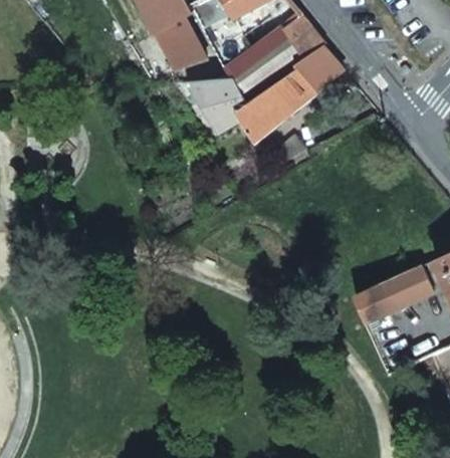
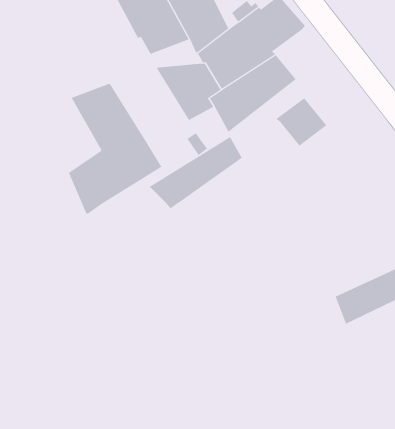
building: [294,47,343,93] -> [276,97,327,146]
building: none -> [68,83,162,215]
building: none -> [149,136,243,209]

